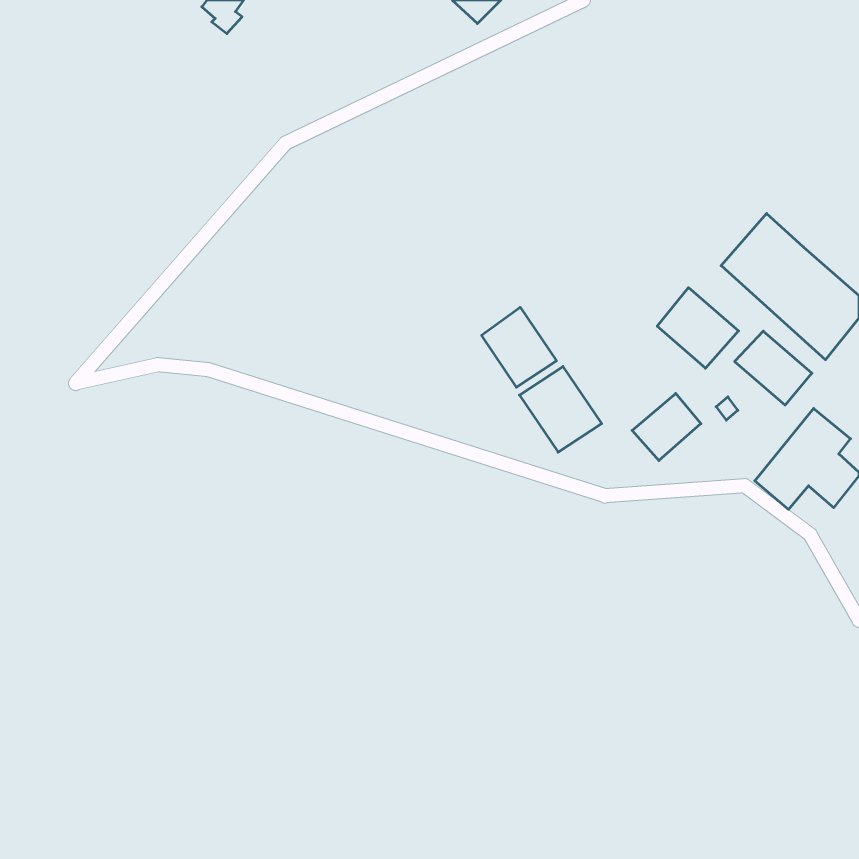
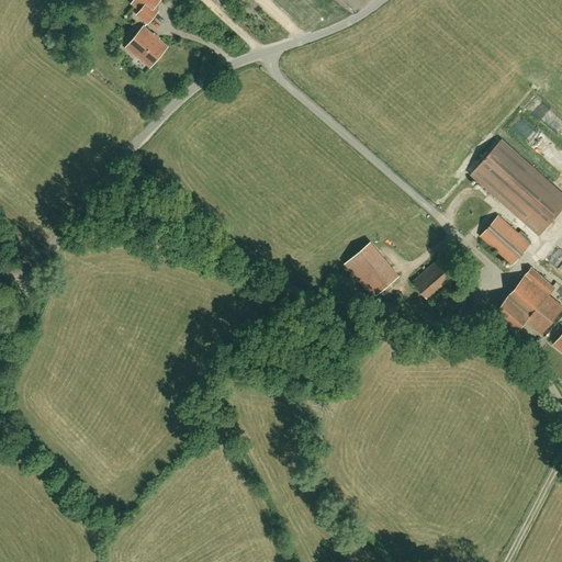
building: none -> [127,27,167,66]
building: [657,288,739,368] -> none
building: [482,307,556,387] -> none

